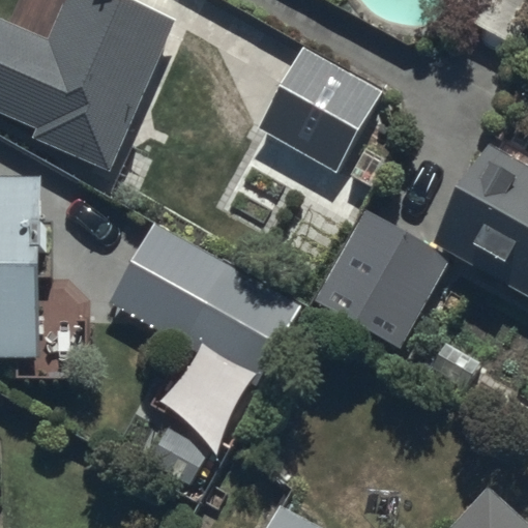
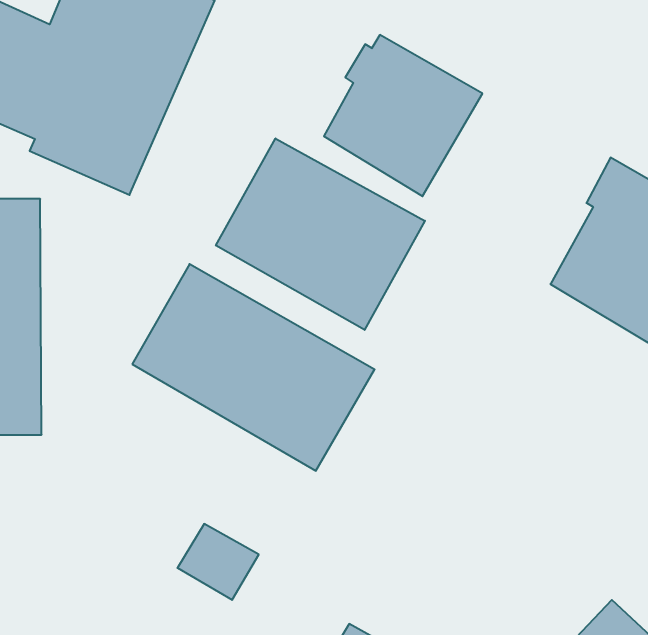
building: none -> [216,138,425,330]
building: [312,207,451,350] -> none

